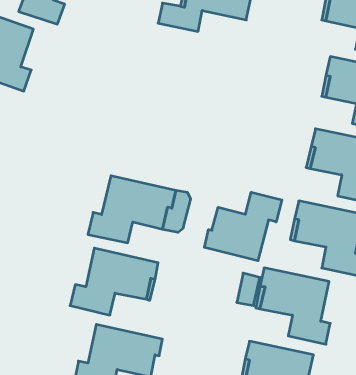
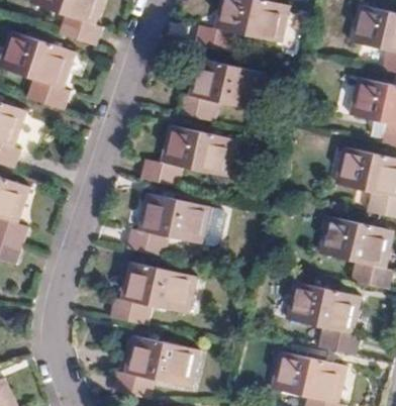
building: none -> [176,58,260,121]
building: none -> [139,124,233,187]
building: [204,192,282,261] -> none

